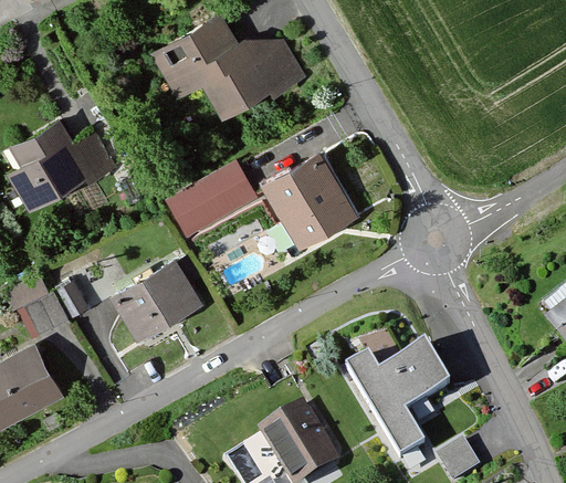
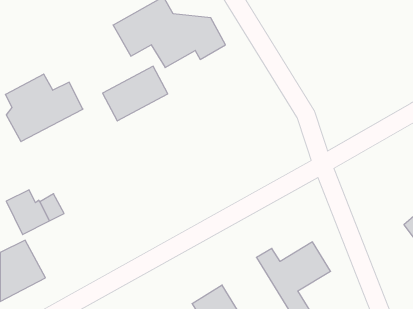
building: [262,153,353,248] -> none
building: [167,164,255,238] -> [103,66,168,121]
building: [117,260,209,345] -> none

